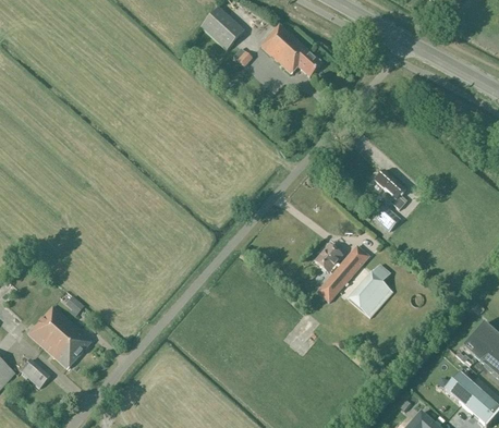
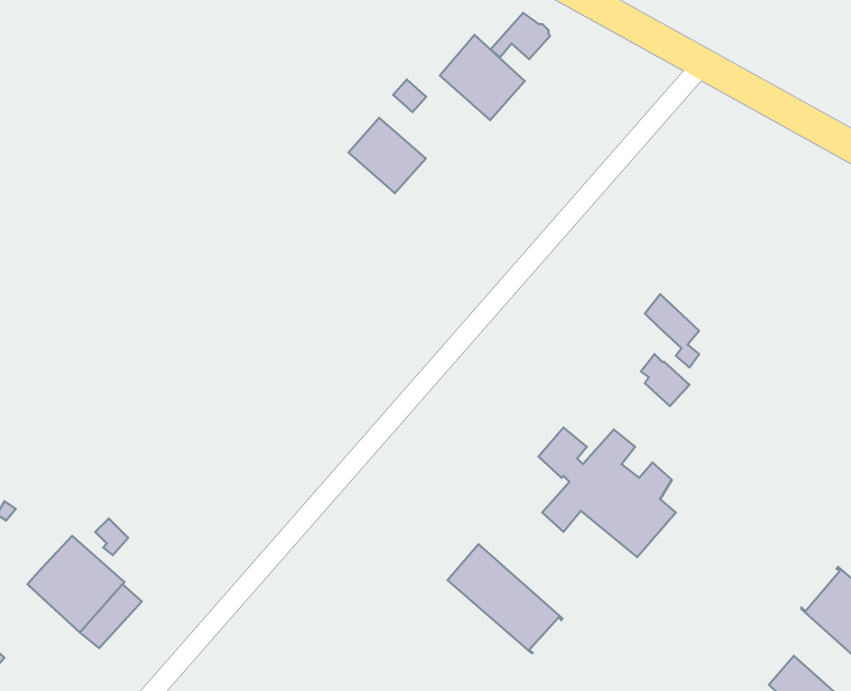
building: [200,7,244,49] -> [348,118,426,193]
building: [288,49,321,75] -> [490,13,550,59]
building: none -> [447,544,562,653]
building: [20,357,50,387] -> none

